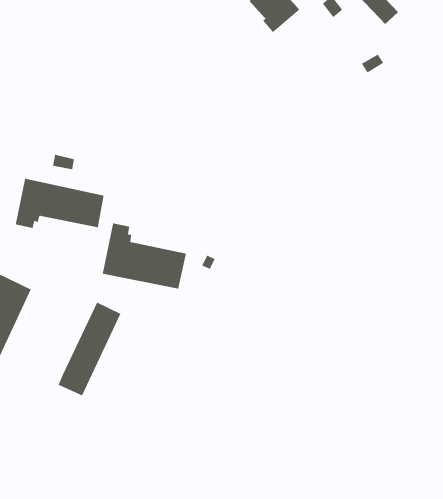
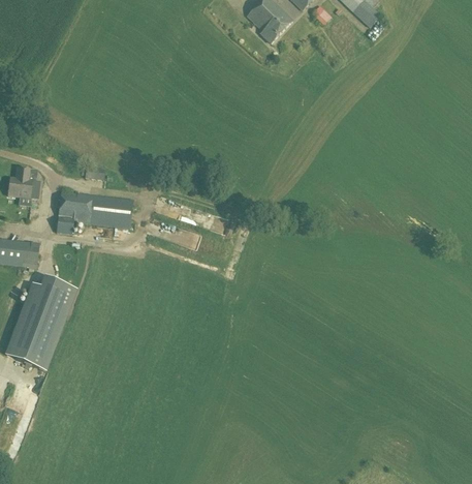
building: [102,223,187,289] -> none
building: [57,301,121,397] -> none

